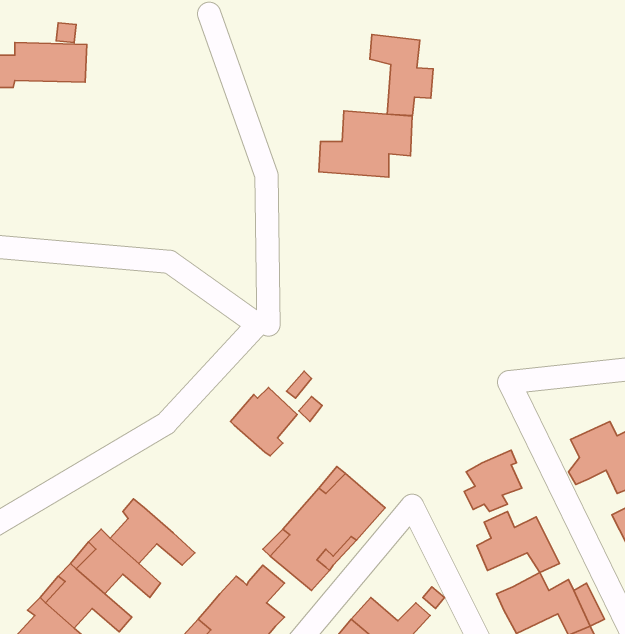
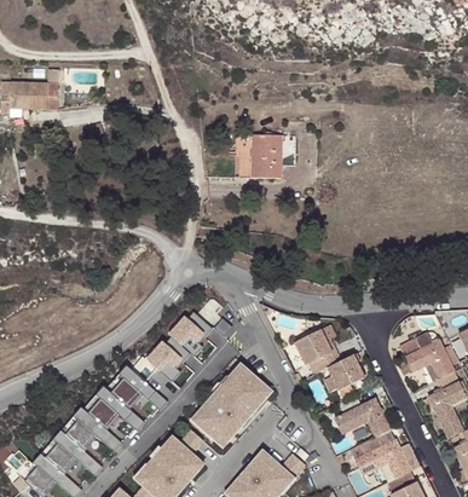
building: [370,34,433,116] -> none
building: none -> [295,326,339,370]
building: none -> [148,336,192,382]
building: none -> [111,365,168,410]

